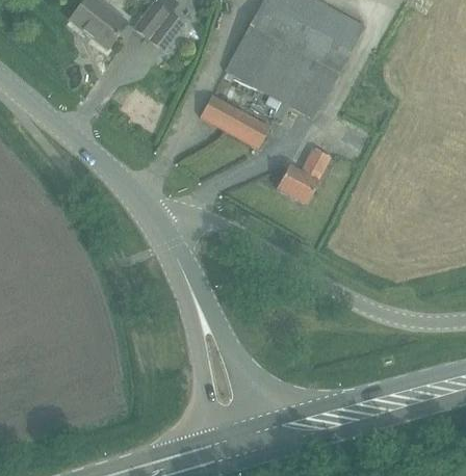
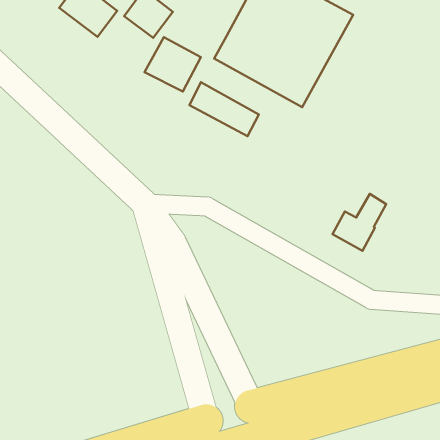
building: none -> [144,37,201,92]
building: [277,147,331,204] -> [332,194,386,251]

